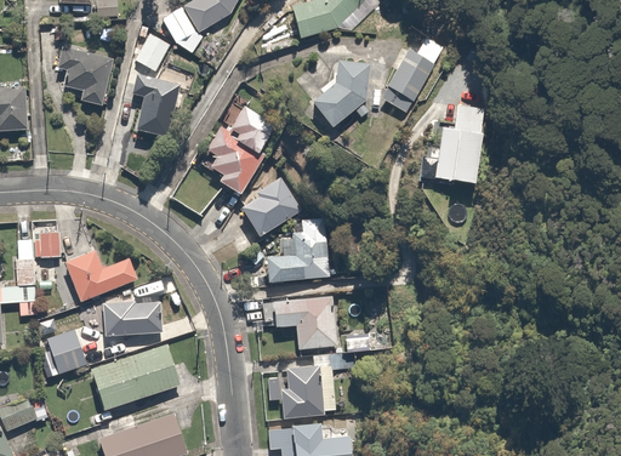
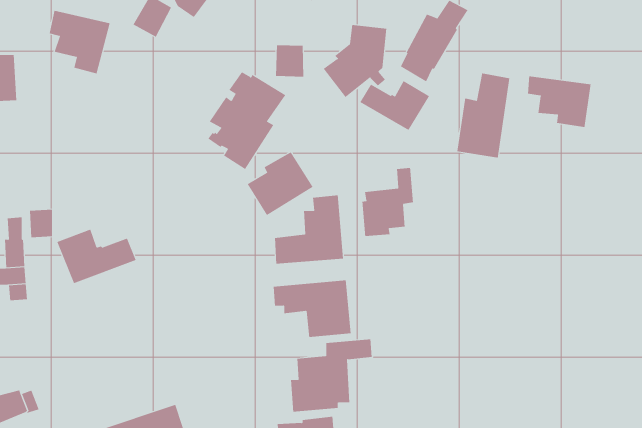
building: [131,75,182,138] -> none
building: none -> [276,44,304,78]
building: none -> [527,75,591,128]
building: none -> [359,80,430,131]
building: none -> [362,167,414,237]
building: [102,296,163,336] -> none
building: [47,329,87,374] -> none
building: [91,344,181,410] -> none

